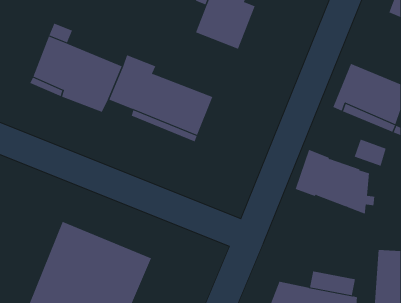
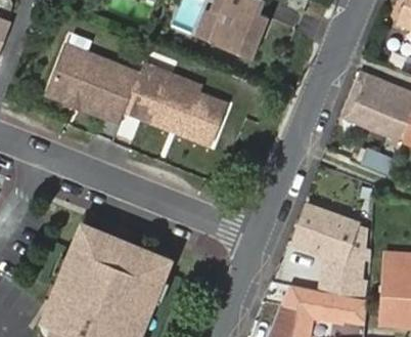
building: [295,149,375,214] -> [293,205,371,268]

